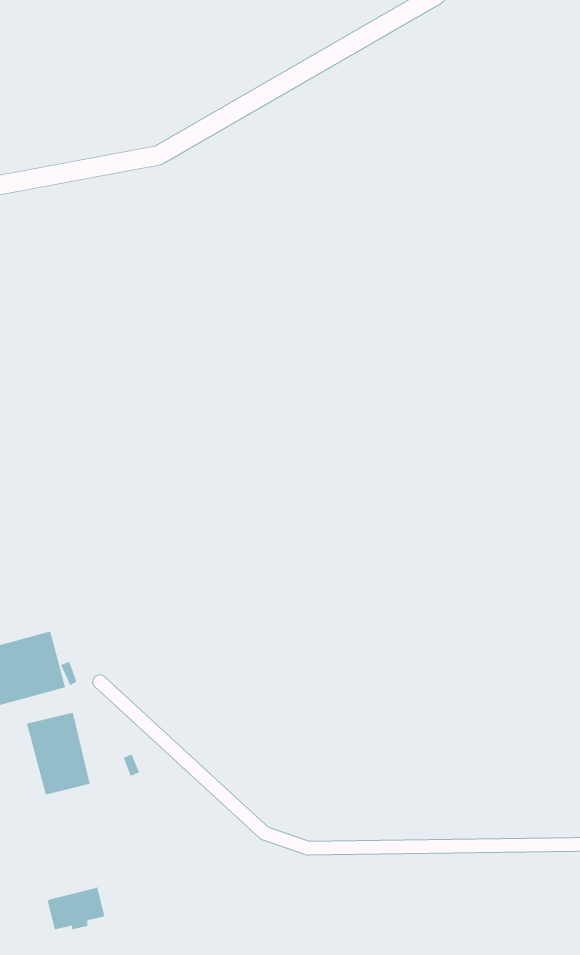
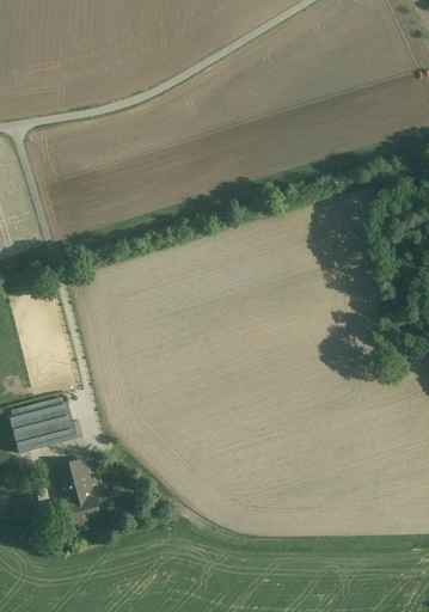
building: [47,886,105,930] -> [65,496,102,524]

